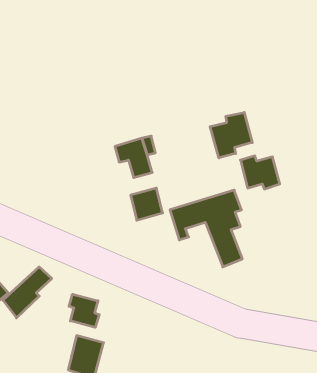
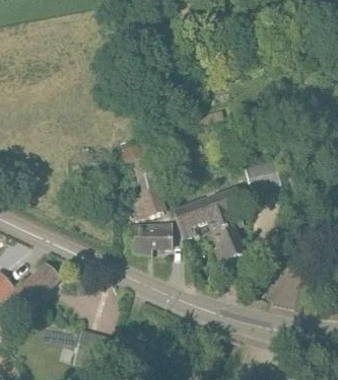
building: [210,112,252,158] -> none
building: none -> [129,224,172,254]
building: [69,294,99,327] -> none

